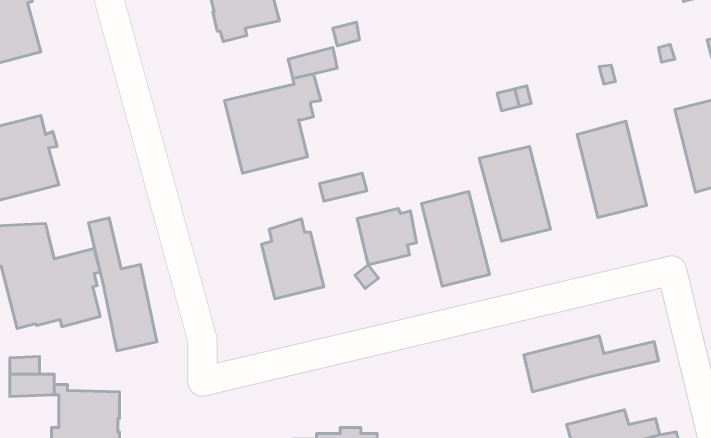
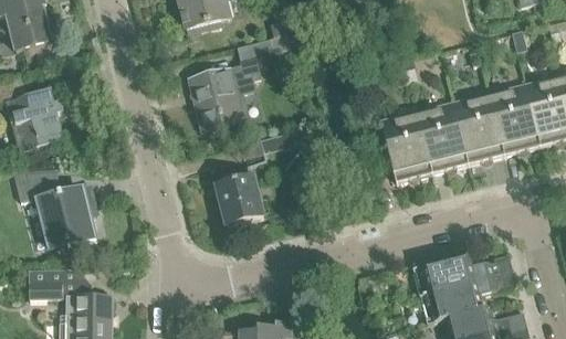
building: none -> [489,83,541,155]
building: [421,192,489,286] -> [417,102,468,172]
building: [357,208,416,265] -> none
building: [88,218,157,351] -> none
building: none -> [419,271,516,322]

